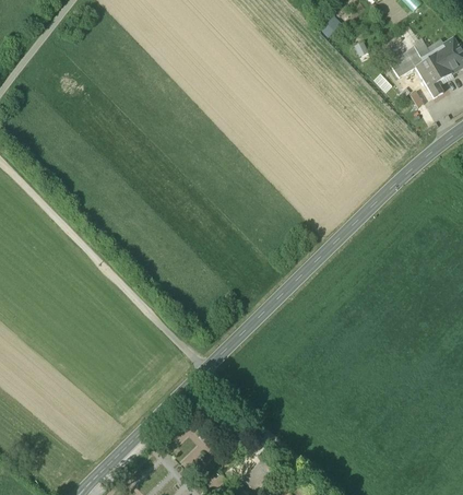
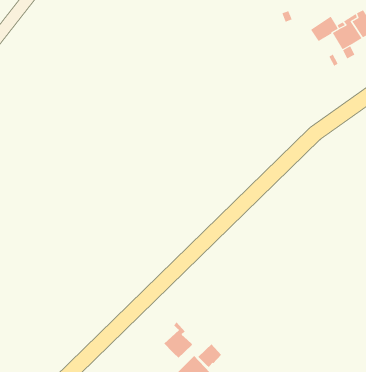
building: none -> [163,321,193,359]
building: none -> [197,343,222,368]

